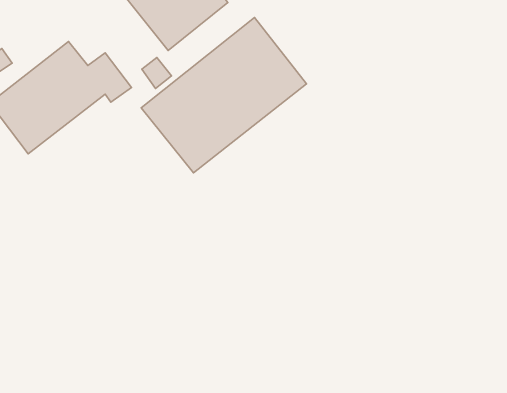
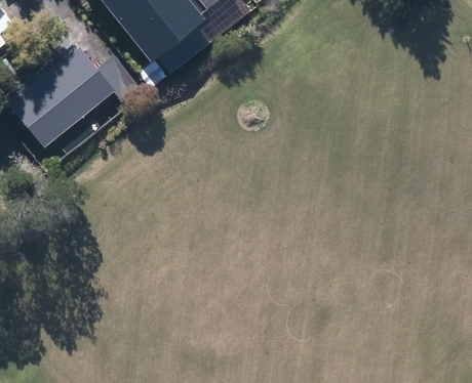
building: [141,18,306,173] -> none

